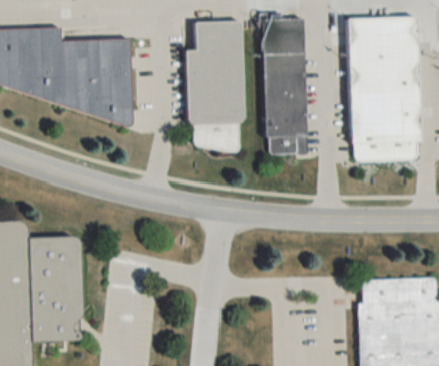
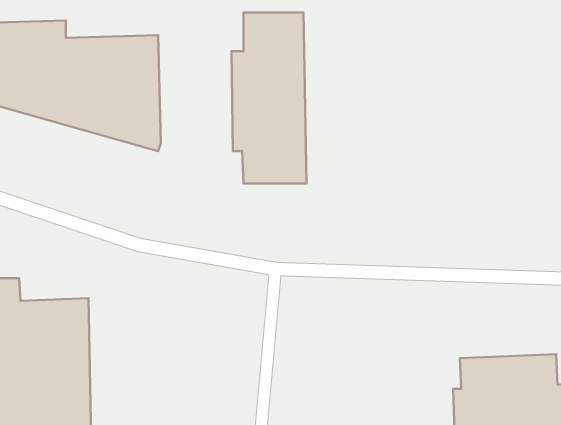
building: [346,16,421,161] -> none
building: [263,18,307,155] -> none

